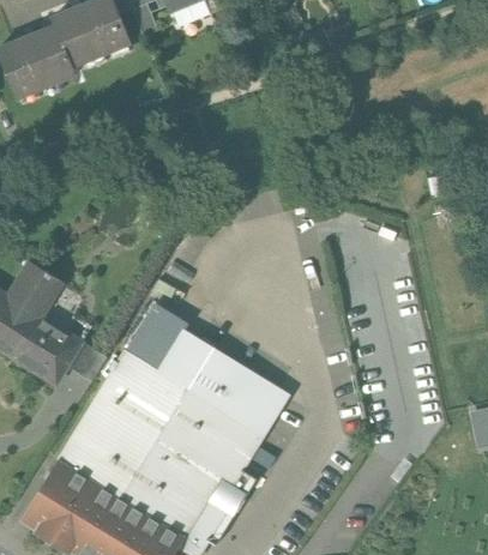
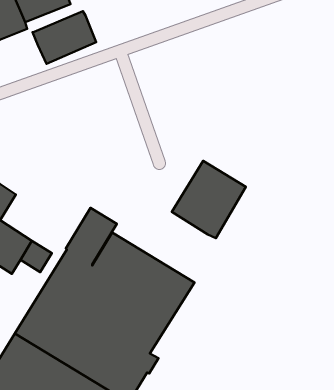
building: none -> [33,11,96,64]
building: none -> [172,161,246,238]

